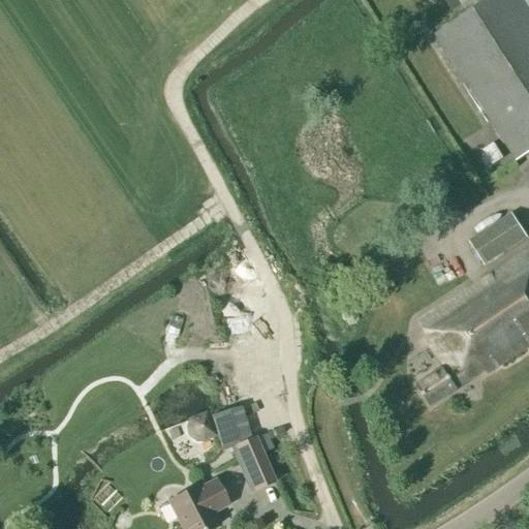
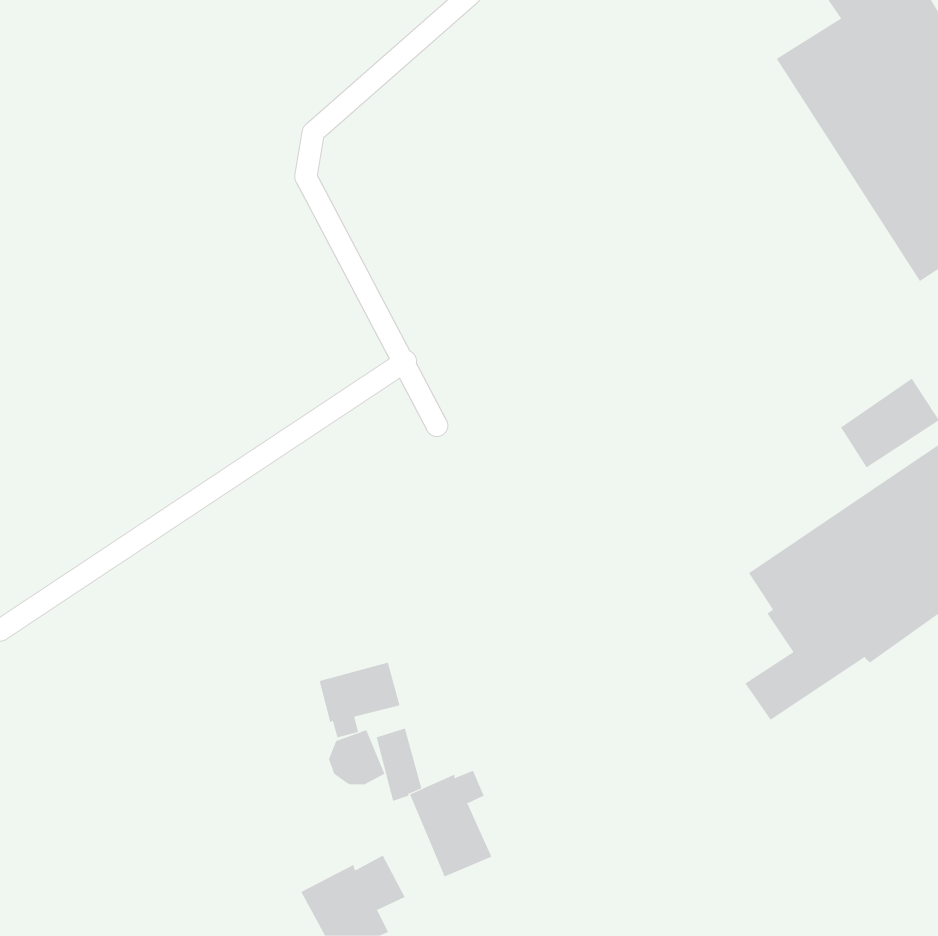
building: none -> [319,662,400,738]

